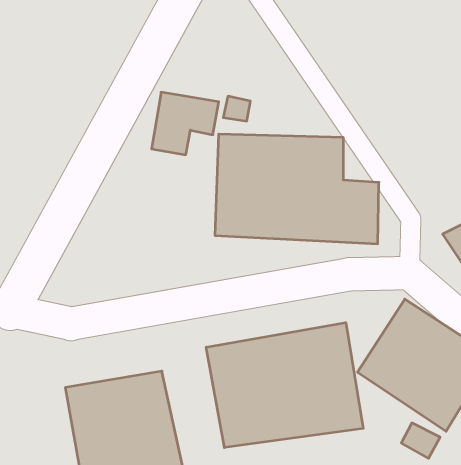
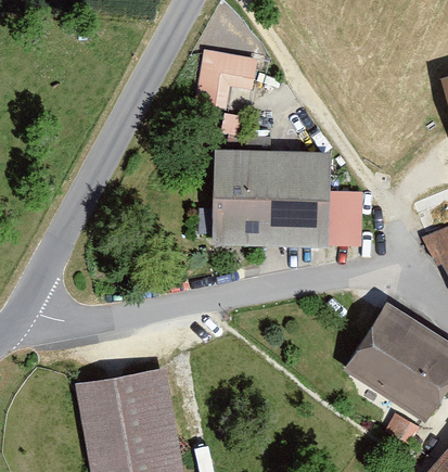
building: [152,92,219,155] -> [196,51,258,109]
building: [206,323,363,448] -> none

